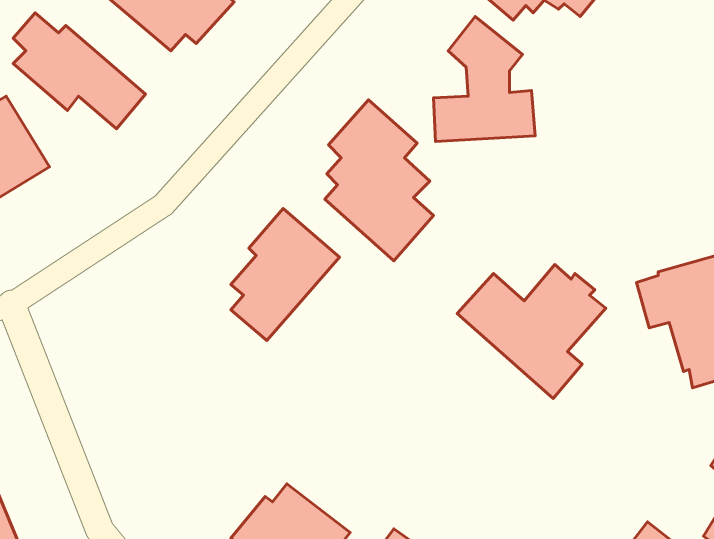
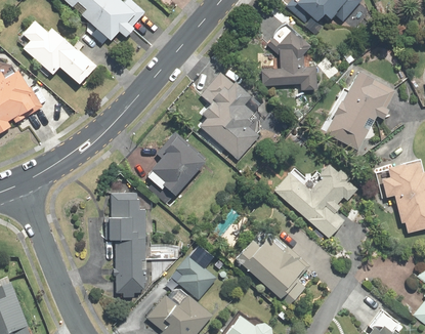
building: none -> [321,66,397,150]
building: none -> [104,191,147,297]
building: none -> [233,231,311,306]
building: none -> [175,253,217,299]

